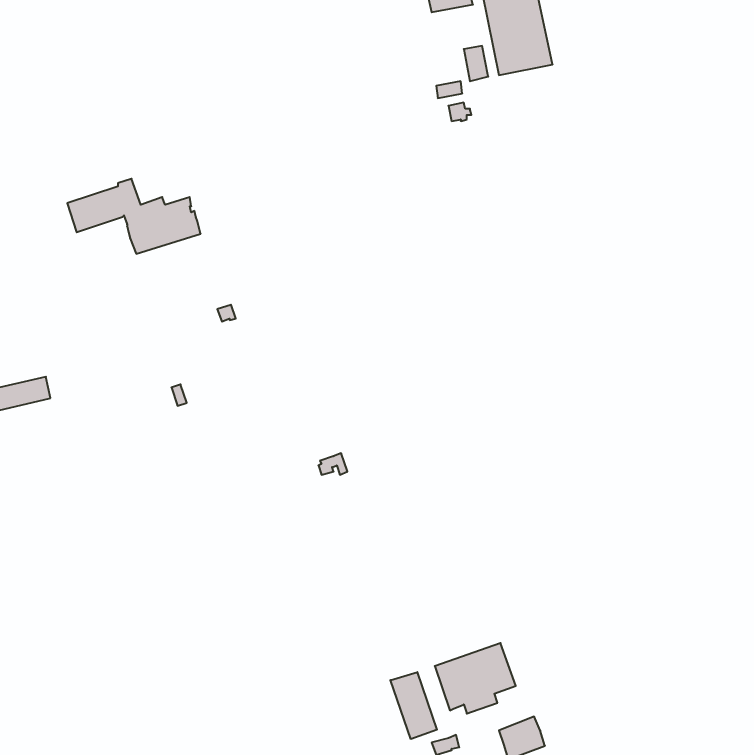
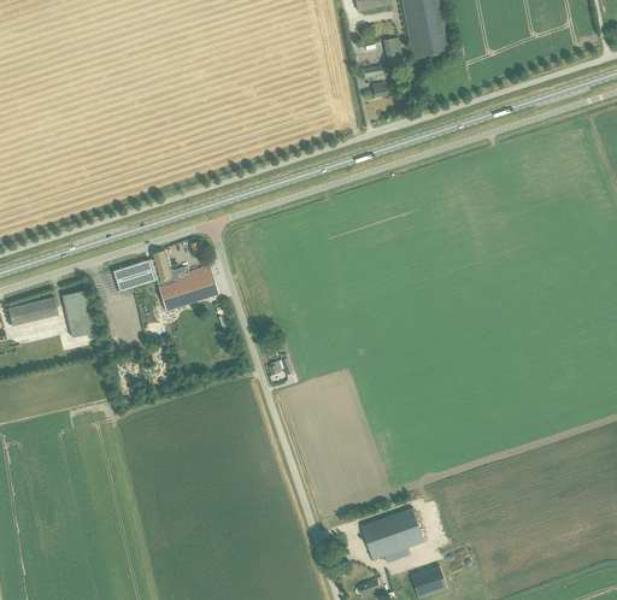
building: [67,179,201,254] -> [111,251,216,310]
building: none -> [60,290,94,337]
building: [390,672,437,739] -> none

